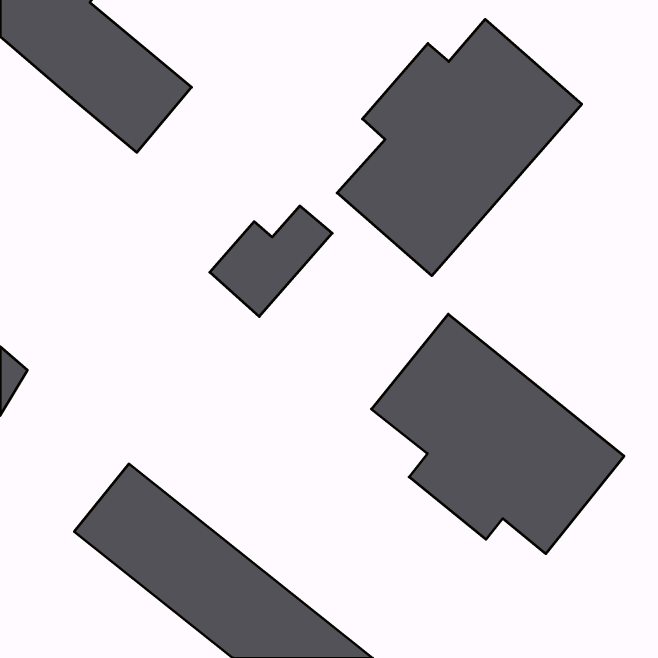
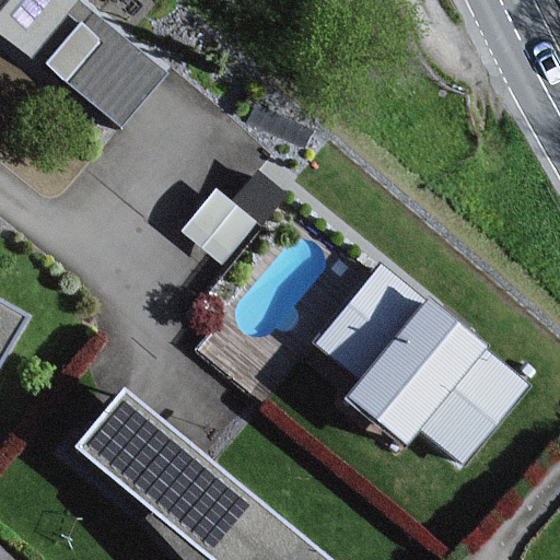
building: [337,19,582,276] -> none

